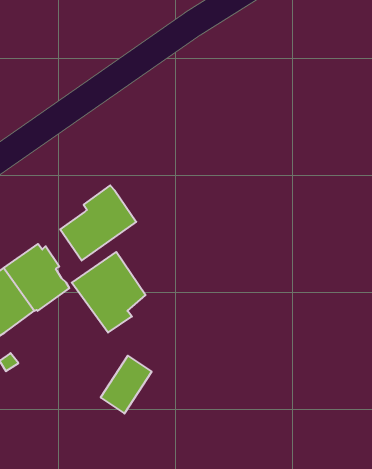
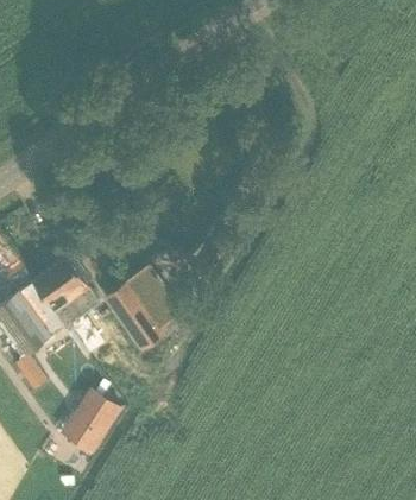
building: [60,185,136,261] -> none
building: [101,356,152,414] -> [64,394,118,455]

